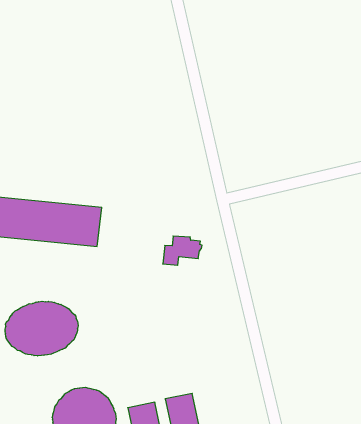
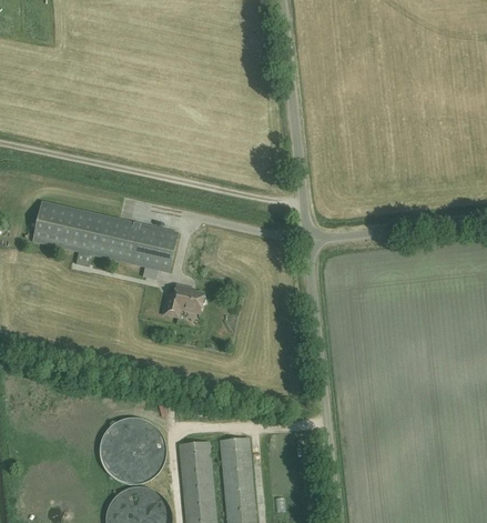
building: [163,236,202,265] -> [162,285,205,316]
building: [5,301,78,356] -> none

